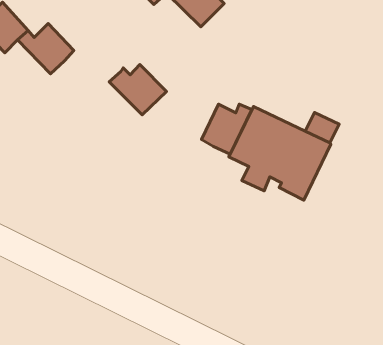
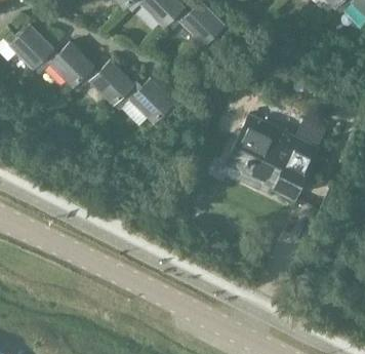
building: none -> [84,61,133,105]
building: [202,104,252,154] -> none

